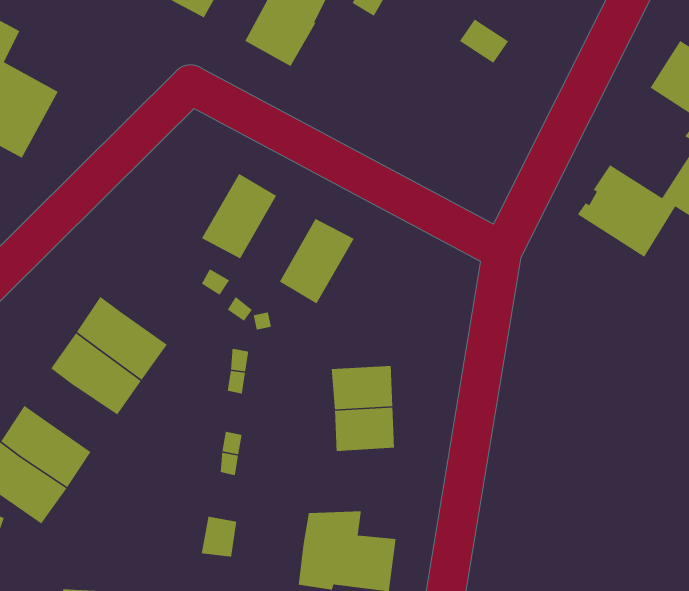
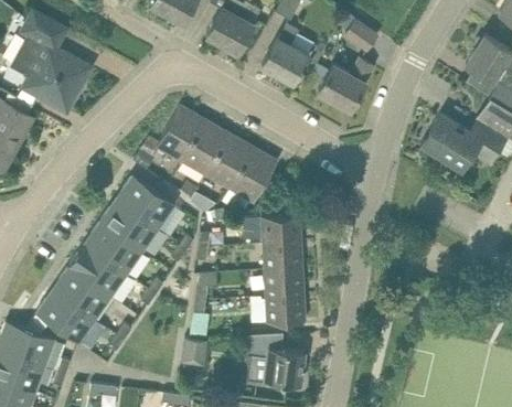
building: none -> [262,24,309,83]
building: none -> [318,60,373,109]
building: none -> [156,106,204,162]
building: none -> [205,135,253,190]
building: none -> [116,176,175,229]
building: none -> [262,203,301,245]
building: none -> [67,245,127,298]
building: none -> [266,296,305,324]

